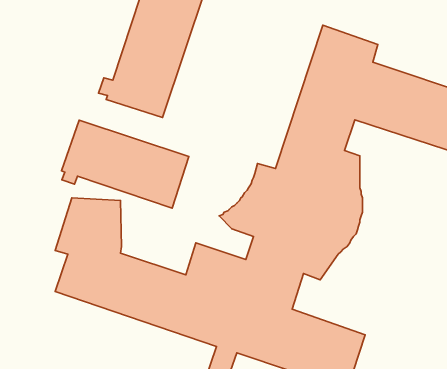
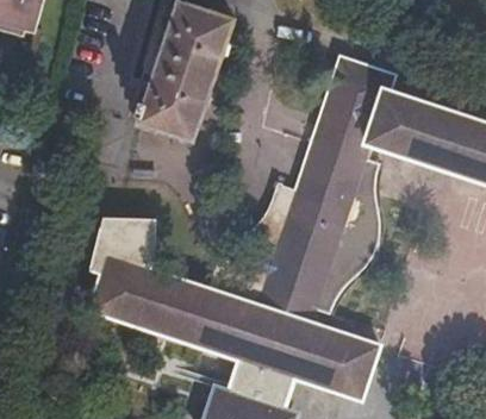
building: [62,120,189,208] -> none

